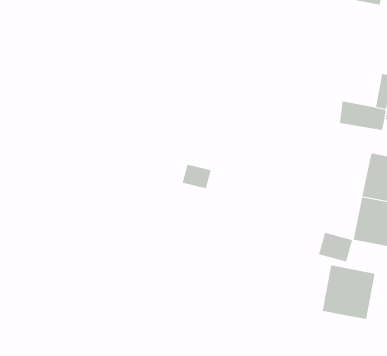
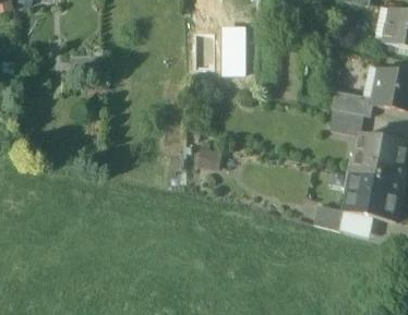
building: none -> [221,26,245,74]
building: none -> [332,109,367,137]
building: [322,265,375,320] -> none

